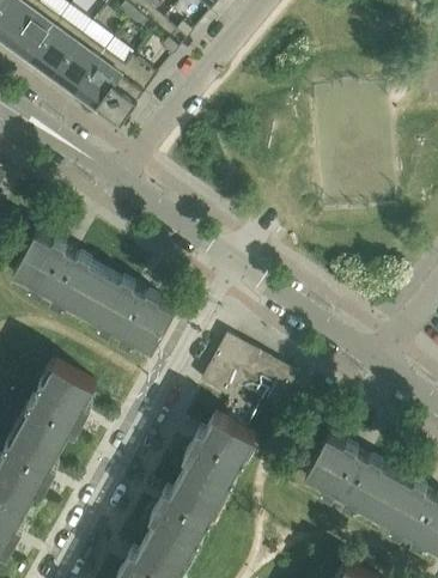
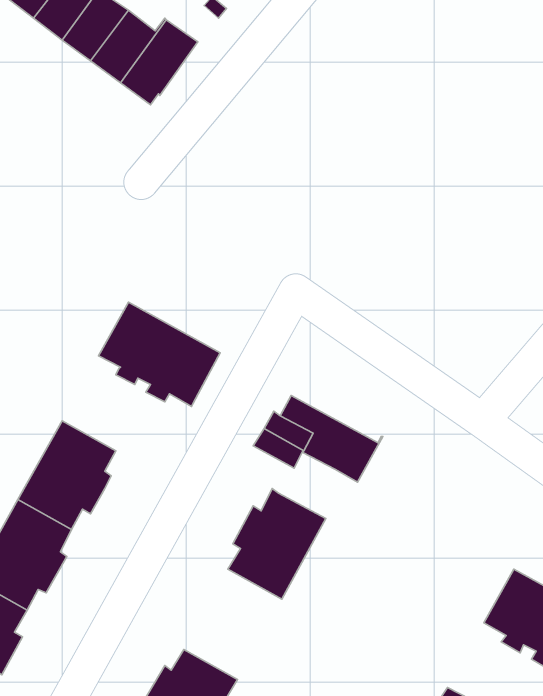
building: [13,233,105,312] -> none
building: [305,436,397,515] -> none
building: [147,474,221,558] -> none

